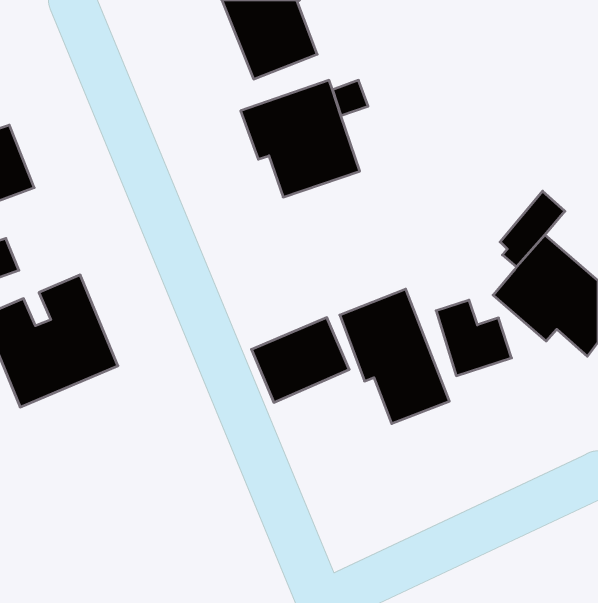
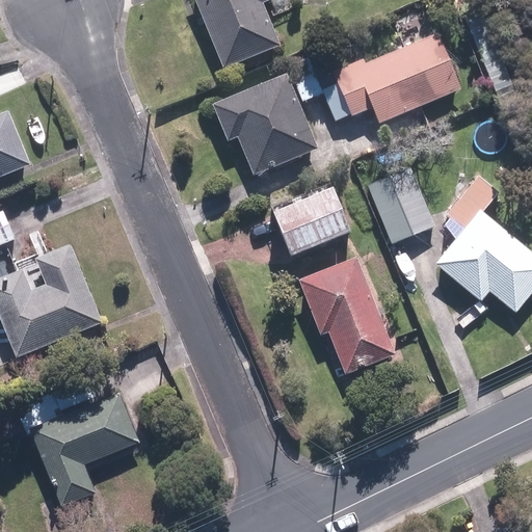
building: none -> [332,32,459,123]
building: [436,300,512,376] -> [368,177,434,243]
building: [251,318,349,402] -> [270,183,356,258]
building: none -> [20,389,141,506]

